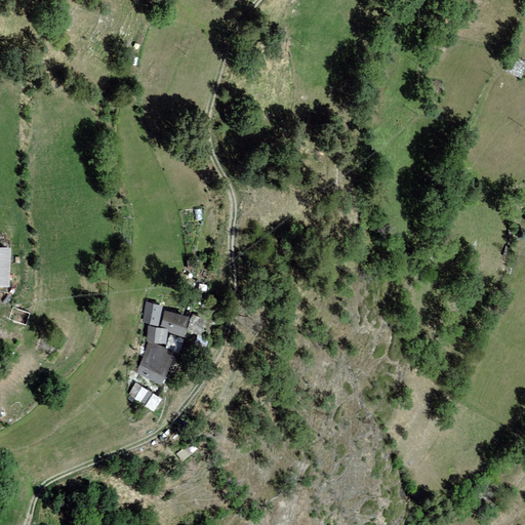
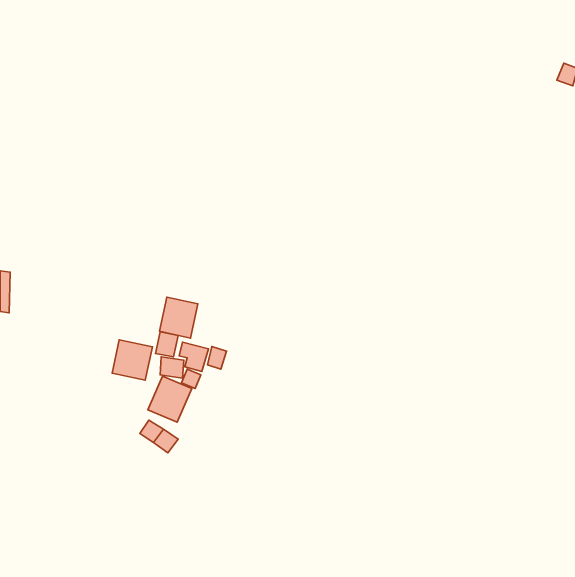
building: none -> [160,297,198,338]
building: none -> [112,340,152,380]

